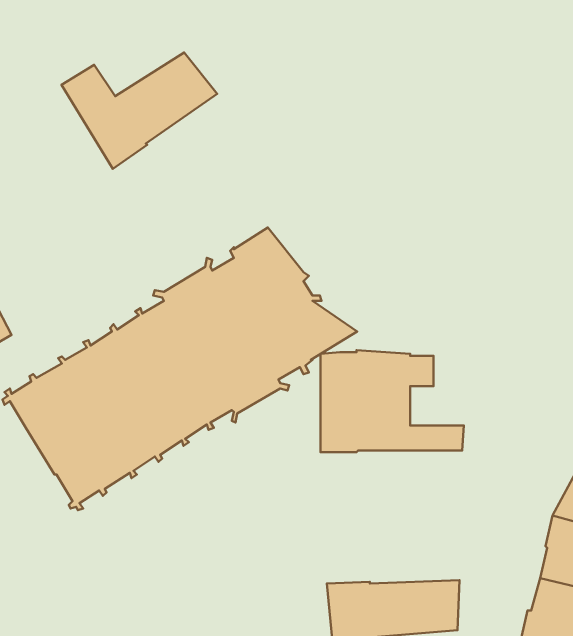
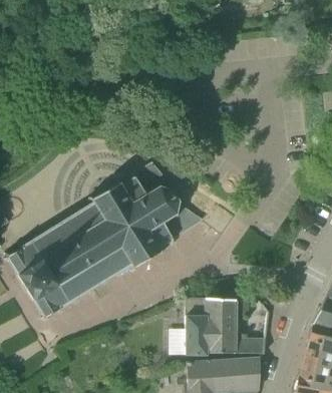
building: [61,53,217,169] -> none
building: [321,350,464,452] -> [186,298,266,355]

